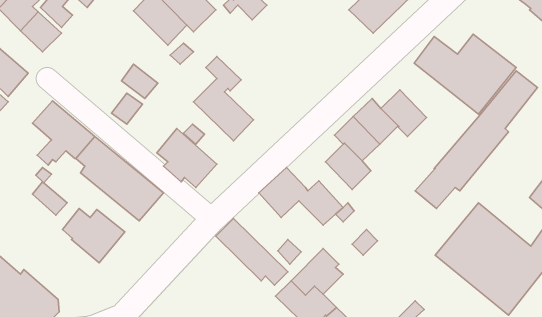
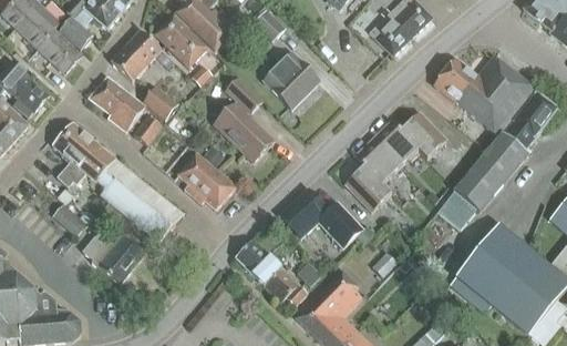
building: none -> [111,30,161,80]
building: none -> [264,52,320,109]
building: none -> [90,77,145,130]

